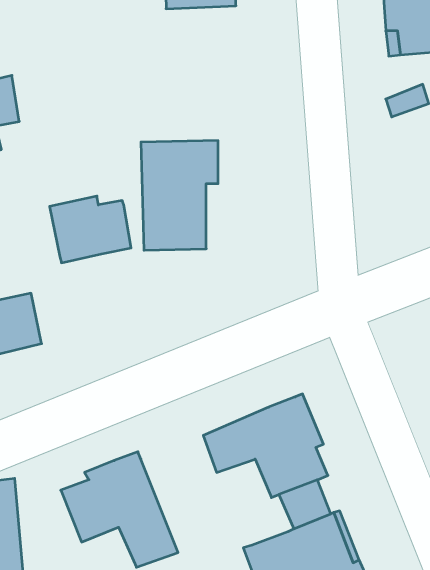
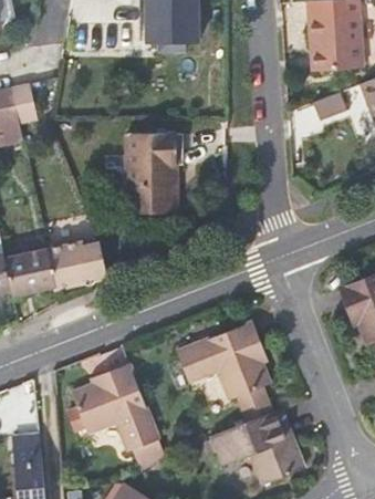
building: [50,196,131,263] -> [46,239,107,289]

